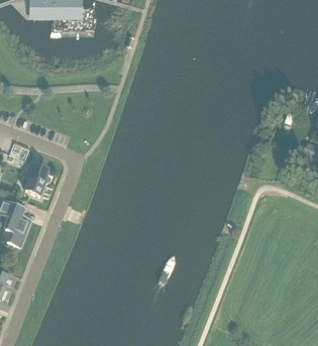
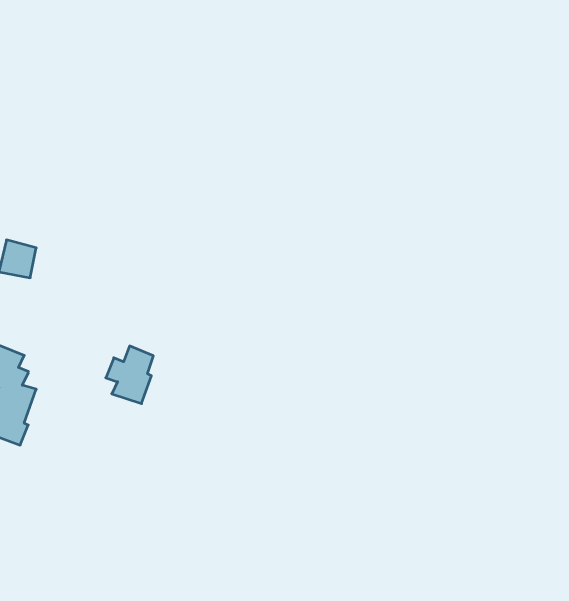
building: [21,165,45,195] -> [106,346,153,404]

